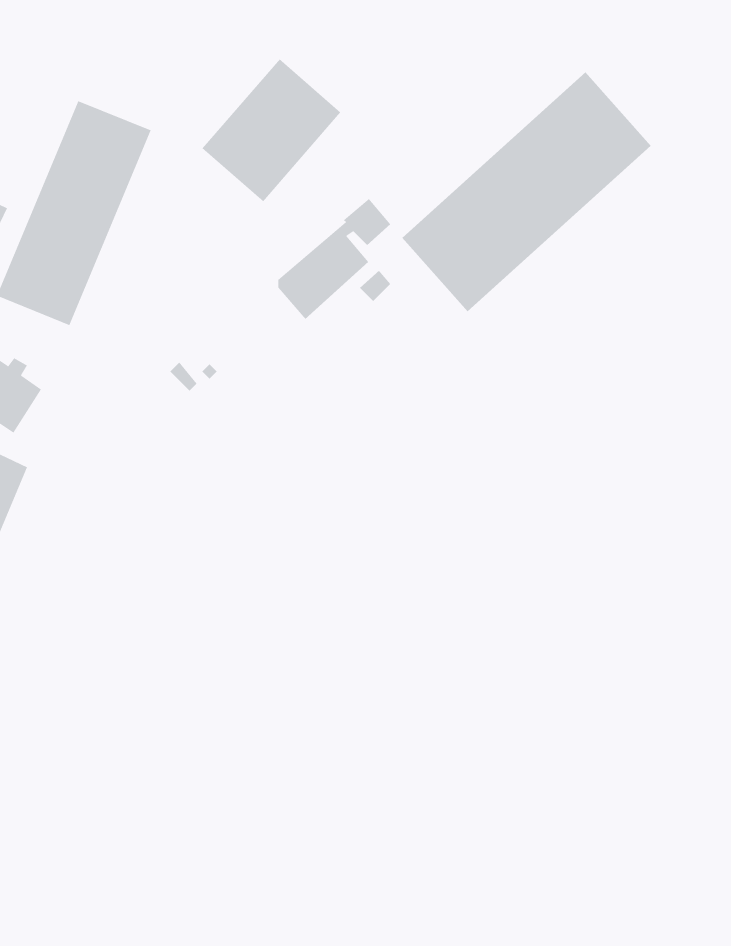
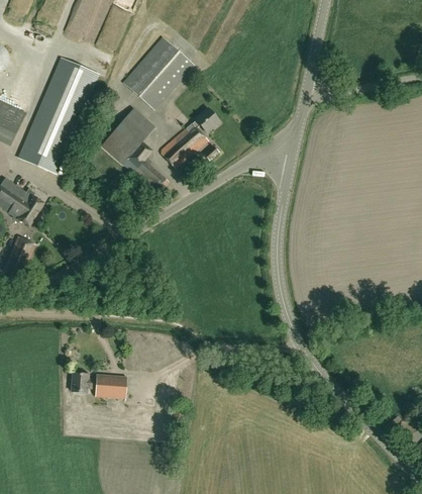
building: [402,71,652,312] -> none
building: none -> [102,106,168,193]
building: none -> [71,372,127,397]

